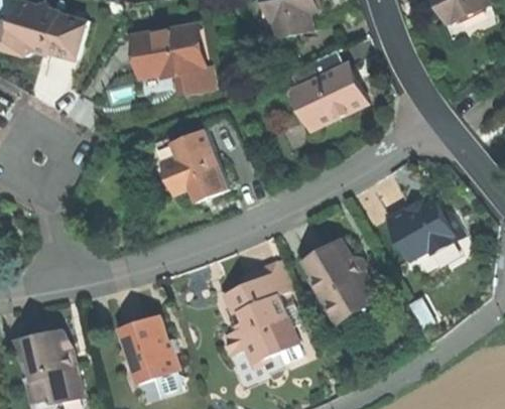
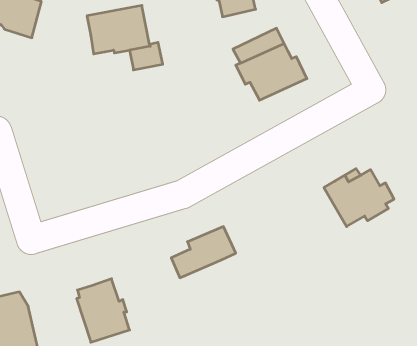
building: [158,128,226,200] -> none
building: [302,240,377,323] -> none
building: [223,295,297,363] -> none

